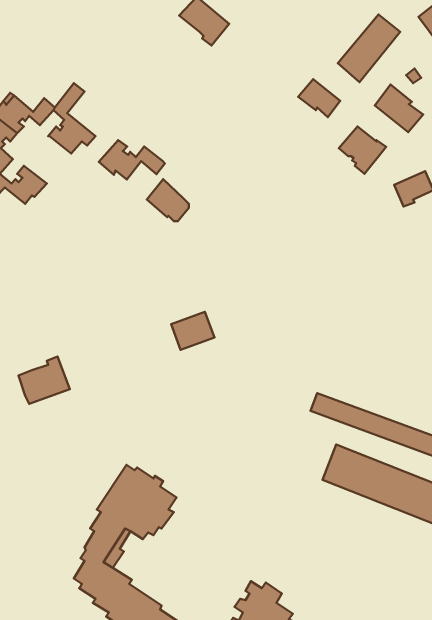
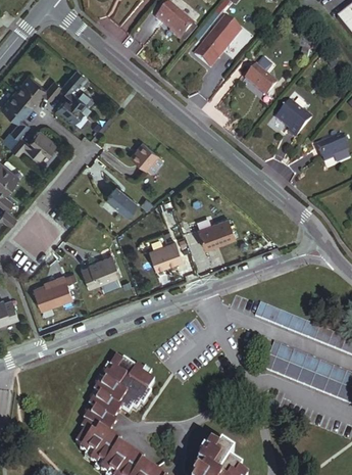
building: [338,14,400,82] -> [195,16,242,67]
building: [375,84,423,132] -> none
building: [99,140,165,180] -> none
building: none -> [107,187,138,216]
building: none -> [199,219,237,249]
building: none -> [83,255,120,287]

